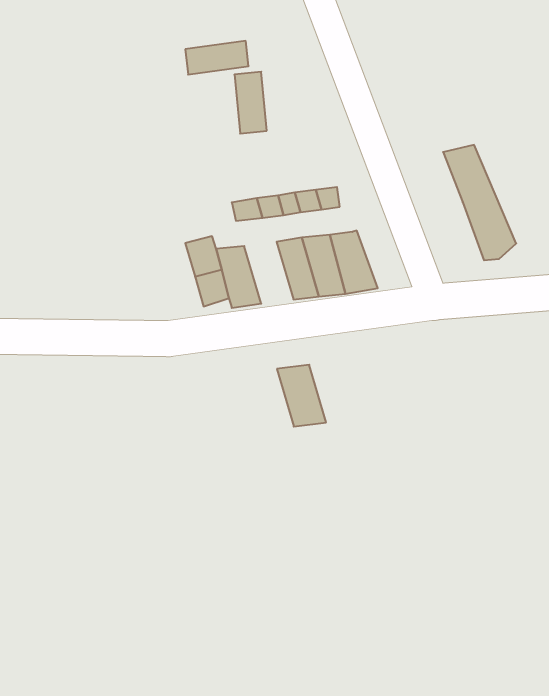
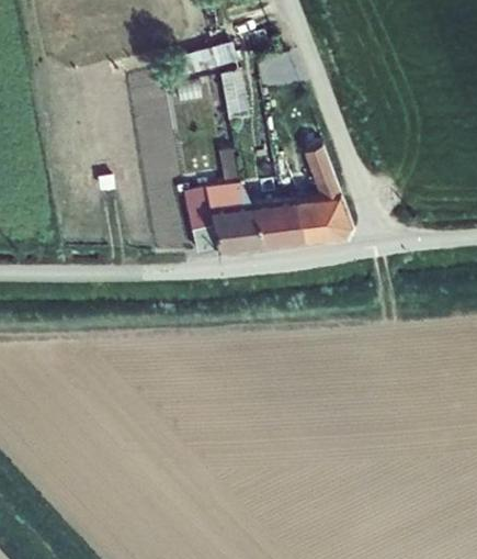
building: [443,145,516,260] -> [302,148,359,238]
building: [277,365,326,427] -> [229,202,268,250]

